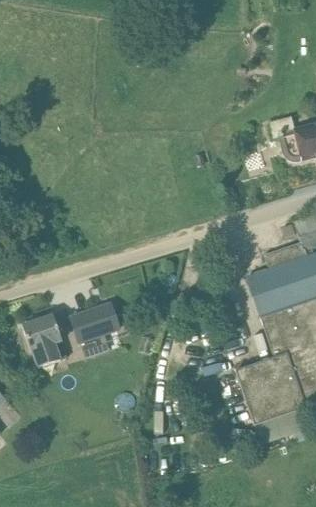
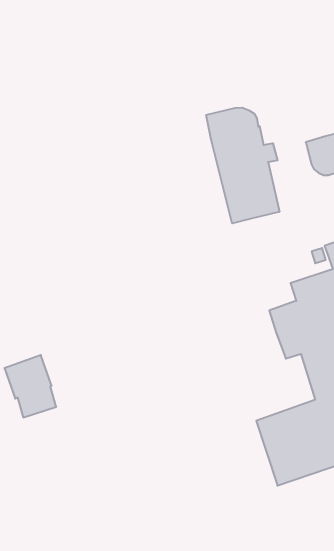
building: none -> [206,108,279,223]
building: [70,302,118,357] -> none

